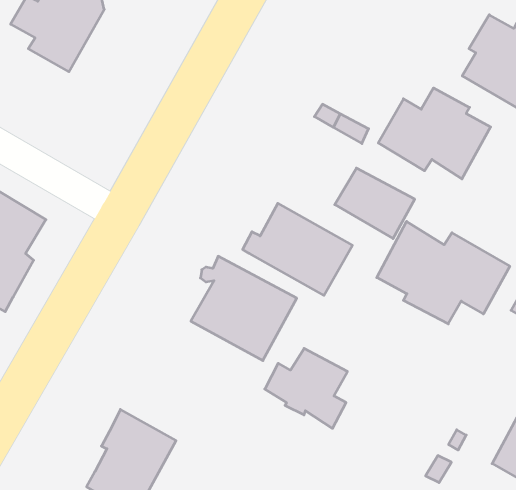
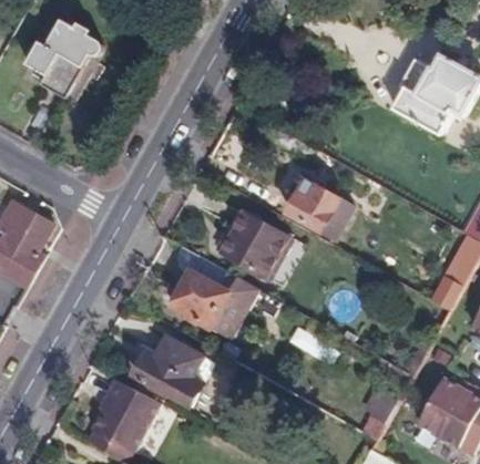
building: [378,88,491,179] -> none
building: [377,221,510,324] -> none
building: [265,348,347,428] -> [136,338,204,403]

